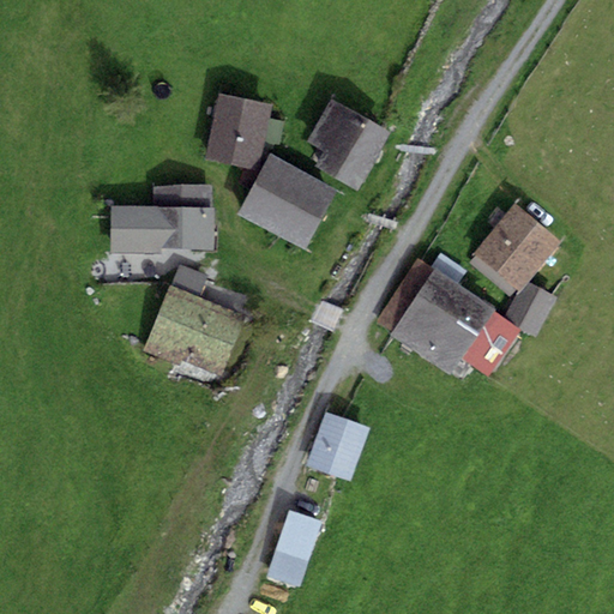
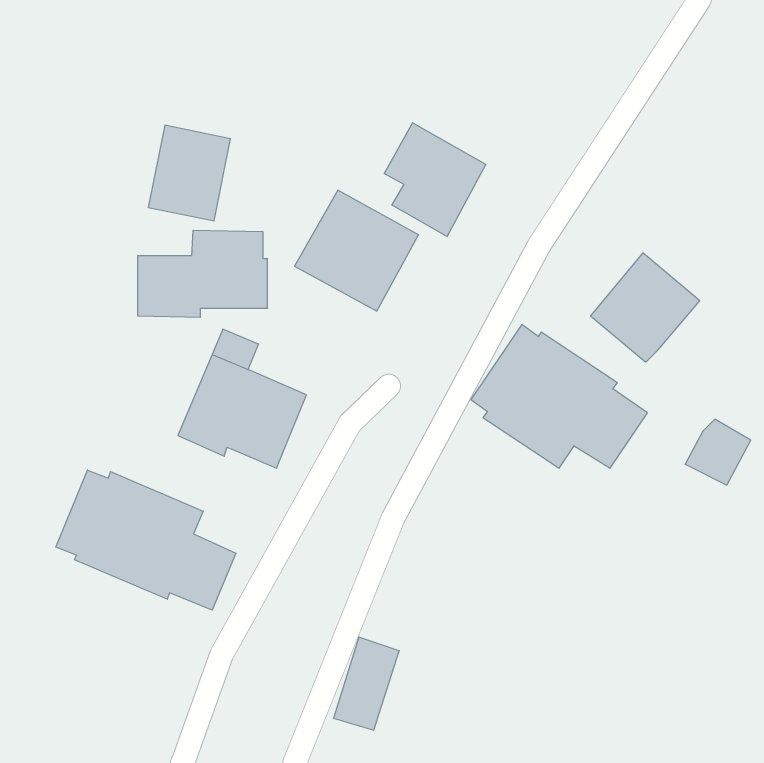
building: [206,92,272,169] -> [148,125,231,221]
building: [504,281,556,333] -> [685,419,751,485]
building: none -> [56,470,236,610]
building: [306,411,369,481] -> none

